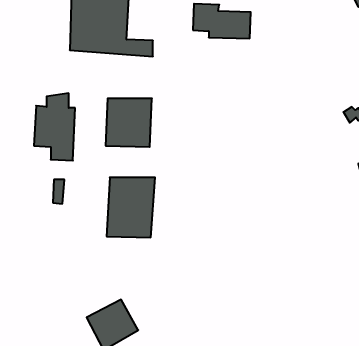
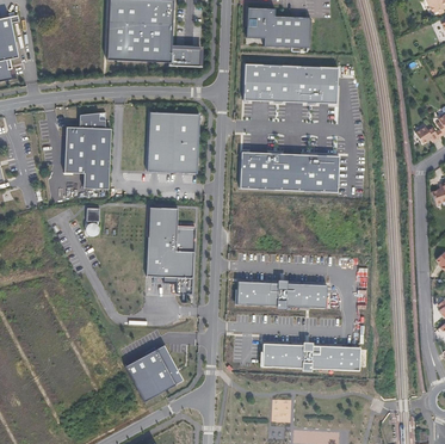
building: none -> [241,60,335,99]
building: none -> [235,158,332,197]
building: none -> [235,278,325,303]
building: none -> [261,340,358,366]

